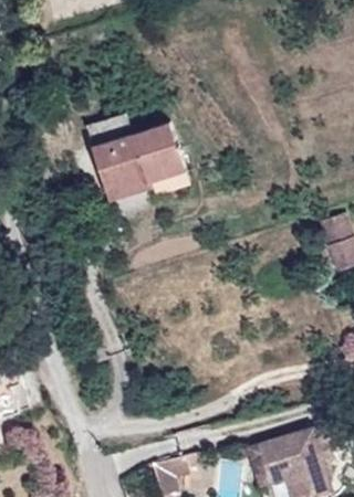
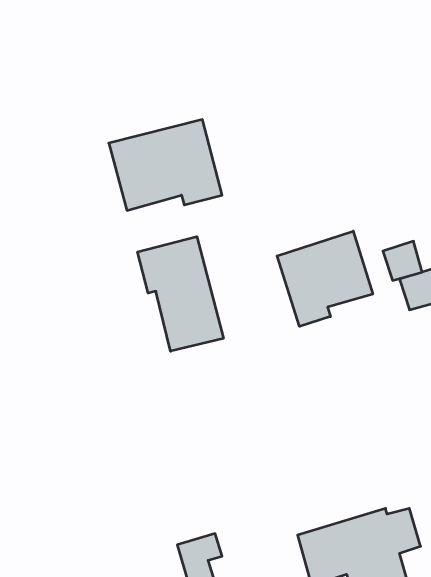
building: none -> [277,231,373,326]
building: none -> [138,237,223,351]

